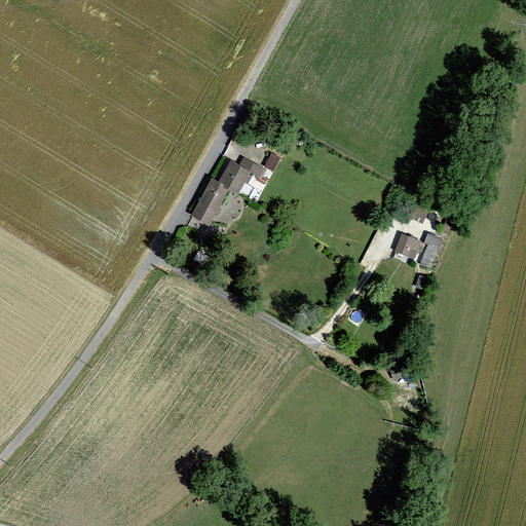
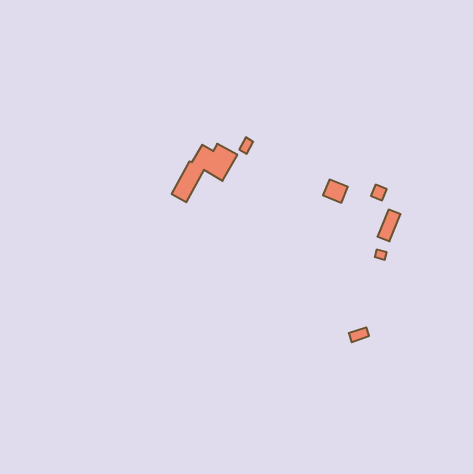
building: [393,233,421,259] -> [323,180,348,203]

